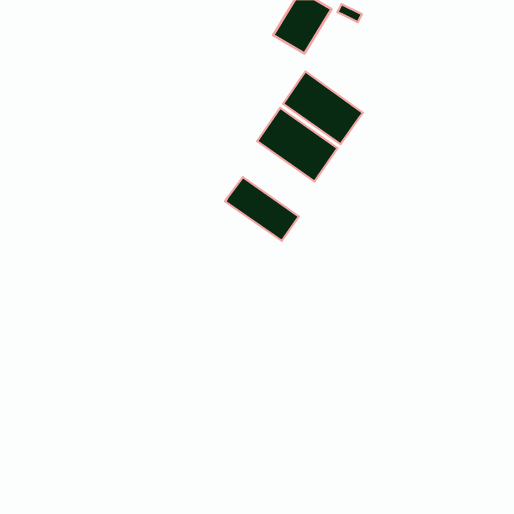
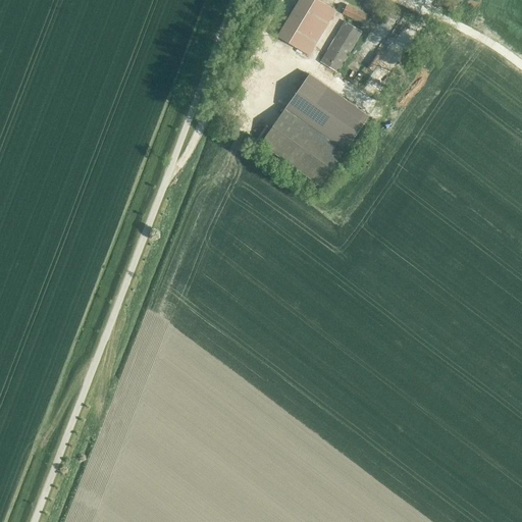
building: none -> [321,20,362,71]
building: [225,177,299,241] -> none

